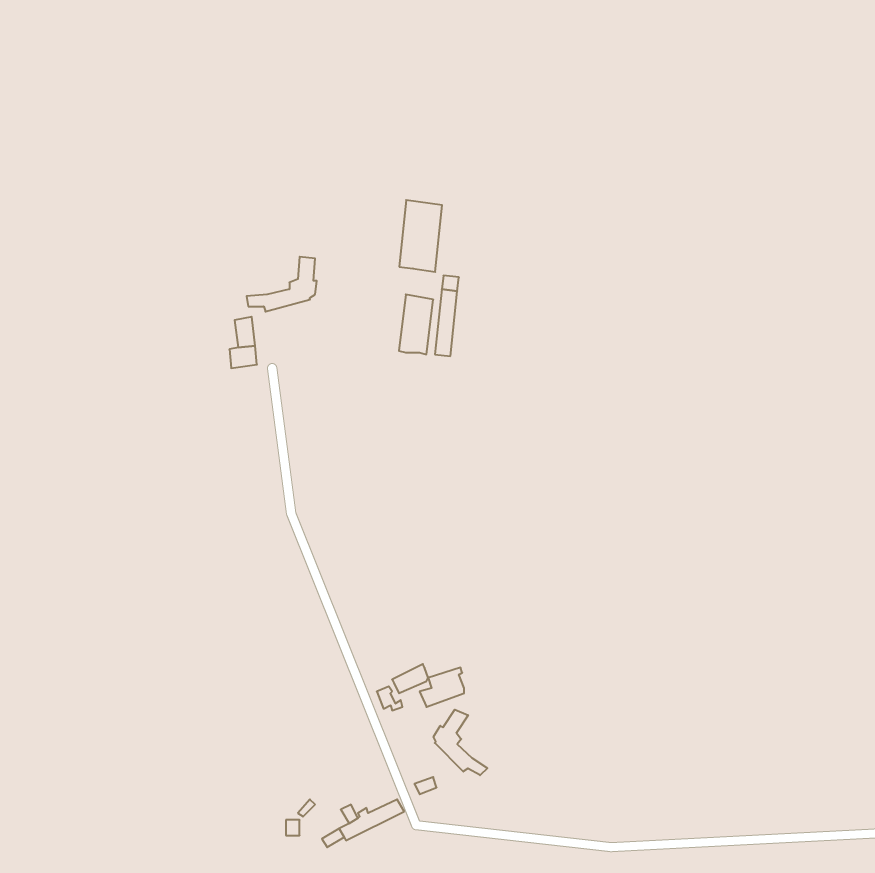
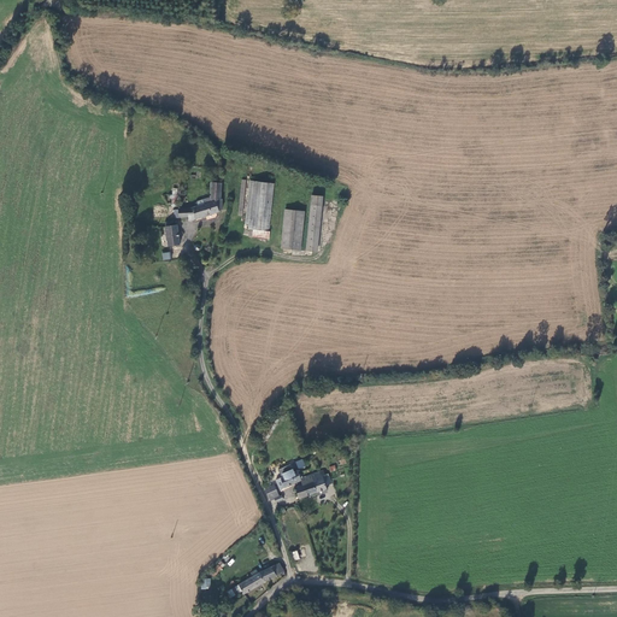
building: [399,200,442,272] -> [243,180,274,230]
building: [434,710,487,775] -> none

